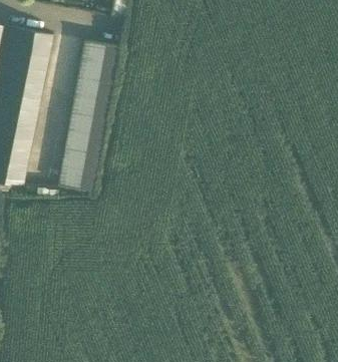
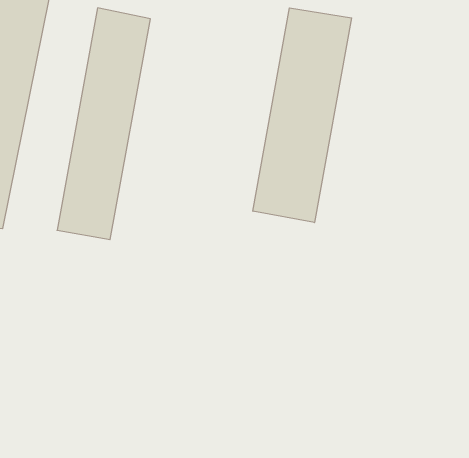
building: none -> [253,8,352,223]

